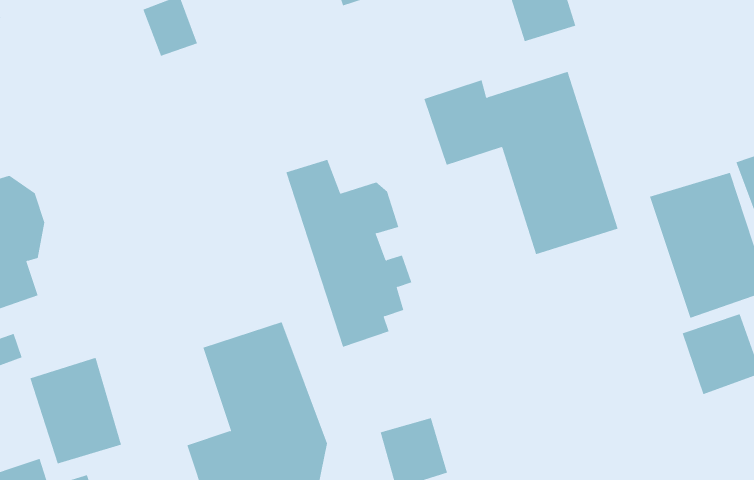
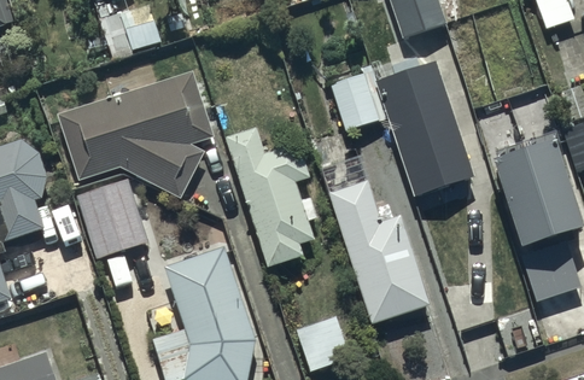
building: none -> [56,70,214,198]
building: none -> [328,179,430,323]
building: [29,357,122,464] -> [77,180,146,259]

